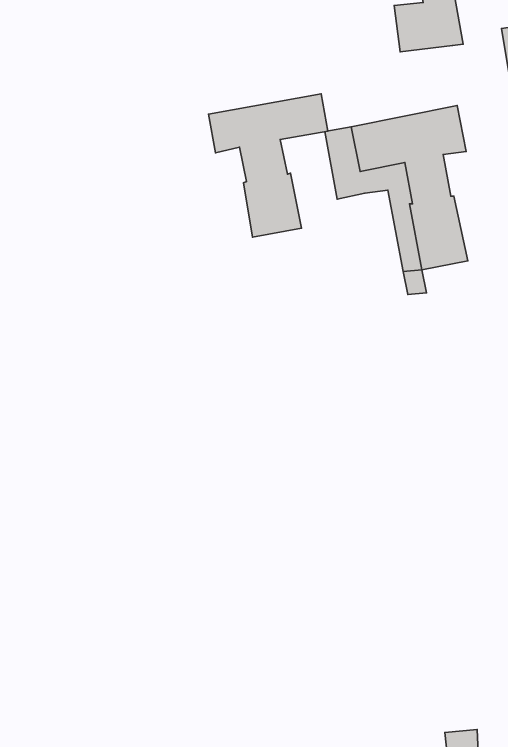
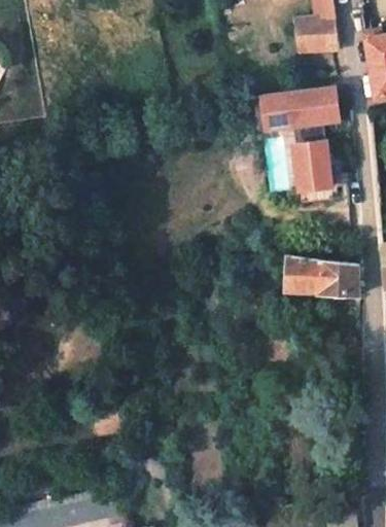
building: [208,94,328,237] -> none
building: none -> [285,258,358,293]

